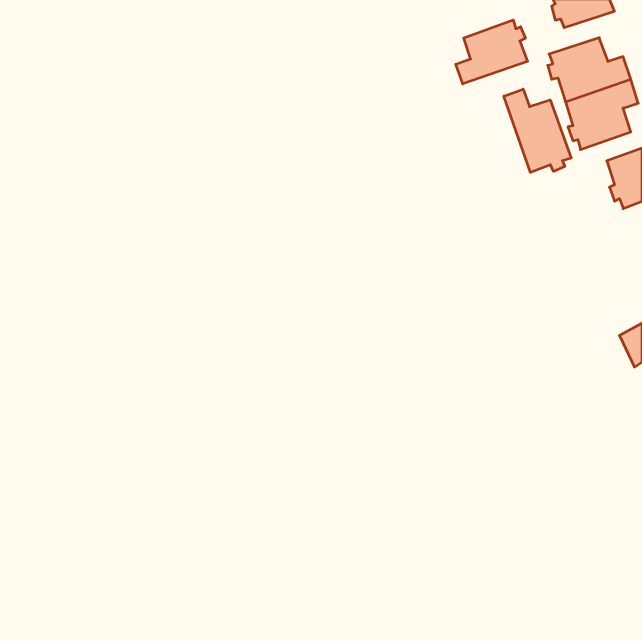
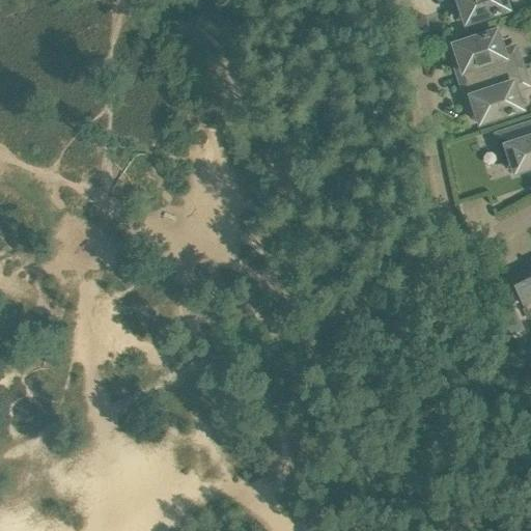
building: [456,20,528,84] -> none
building: [504,89,571,172] -> none

